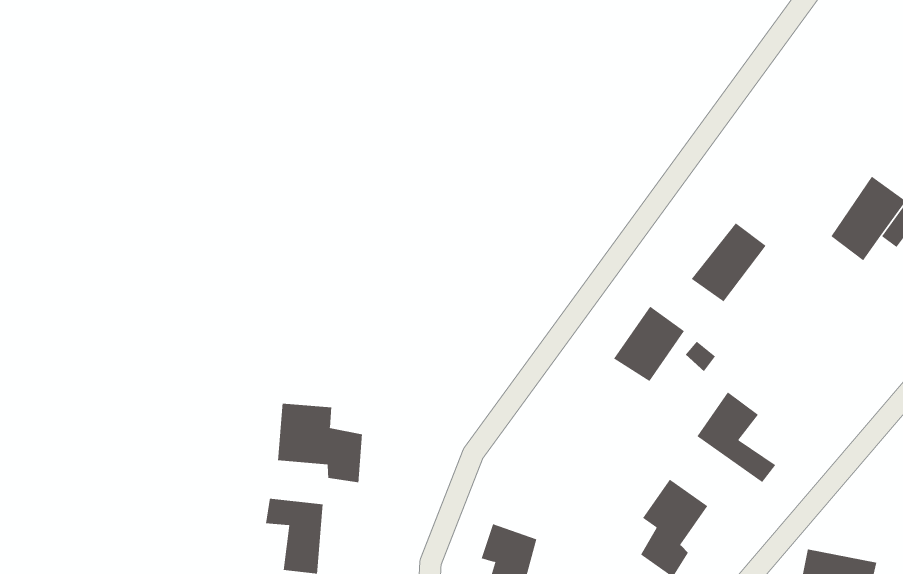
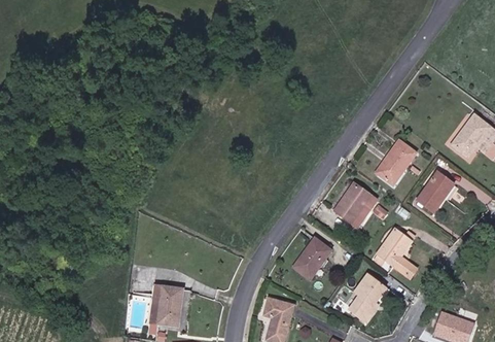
building: none -> [418,173,454,212]
building: [277,403,363,483] -> none
building: none -> [295,239,332,280]

